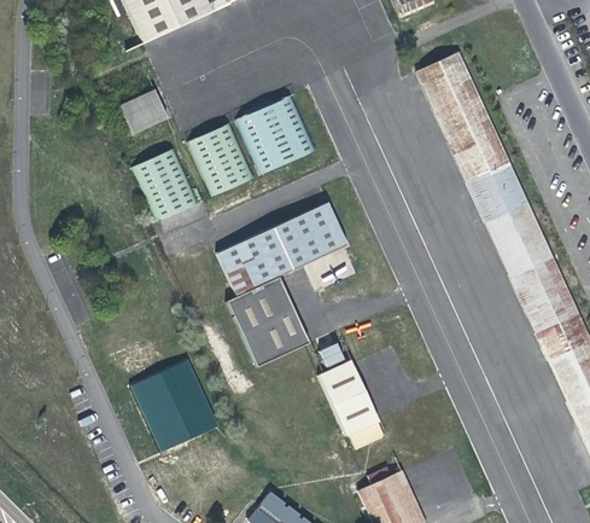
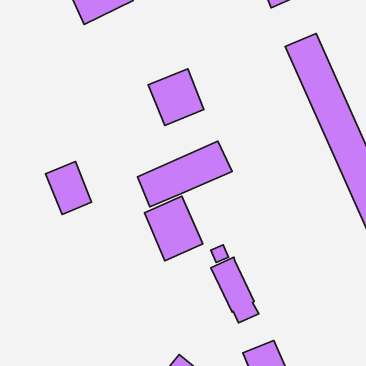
building: [121,92,167,133] -> none
building: [185,126,247,199] -> none
building: [128,150,191,222] -> [45,161,91,215]
building: [132,360,220,452] -> none

